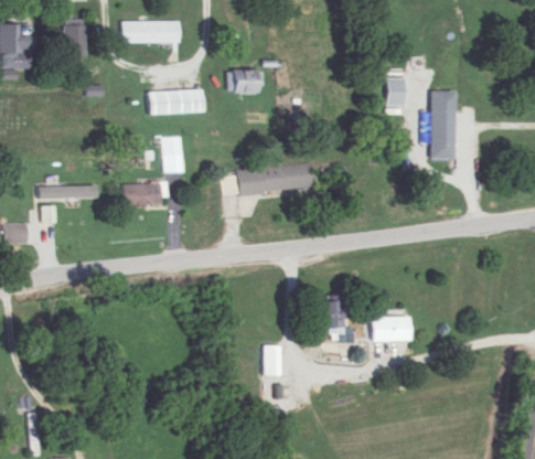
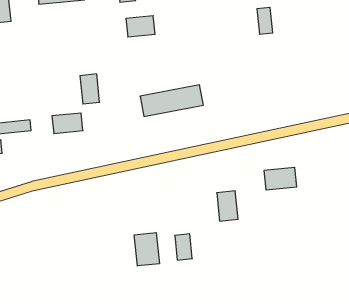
building: [147,89,203,114] -> none
building: [430,90,453,159] -> none
building: [371,317,409,341] -> [264,167,297,190]
building: none -> [134,233,159,266]

